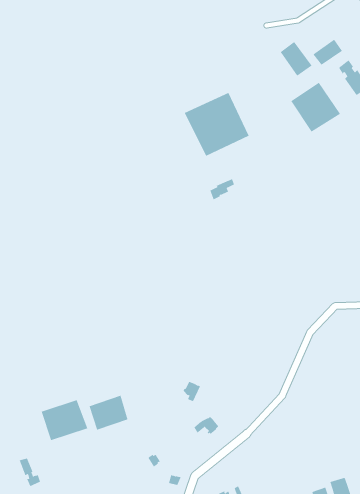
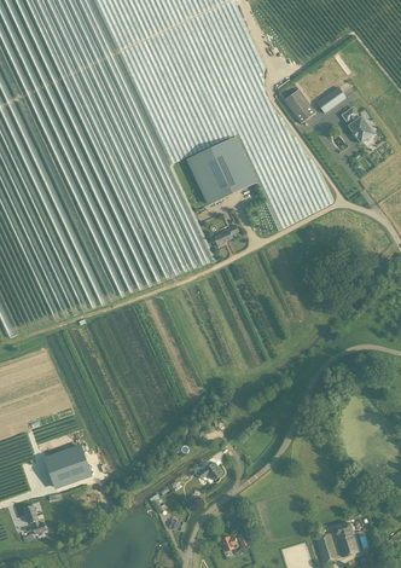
building: [290,82,341,133] -> none
building: [89,395,128,430] -> none

